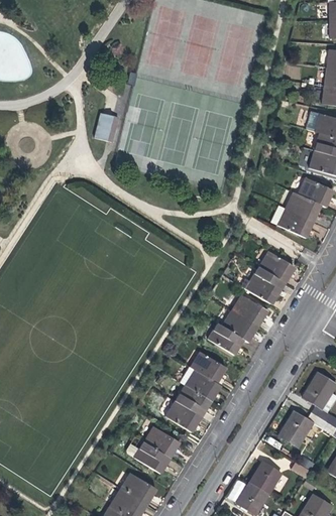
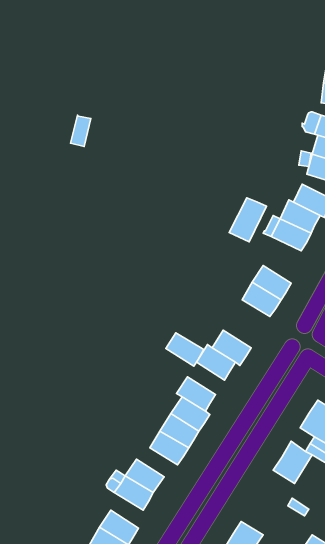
building: none -> [229,198,266,242]
building: [232,294,266,325] -> [166,333,204,366]
building: [248,461,282,494] -> none

